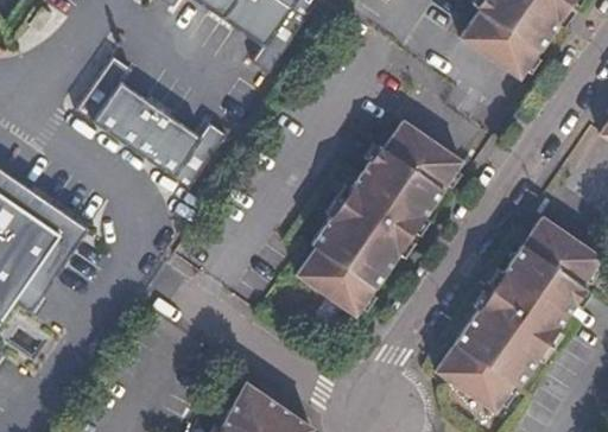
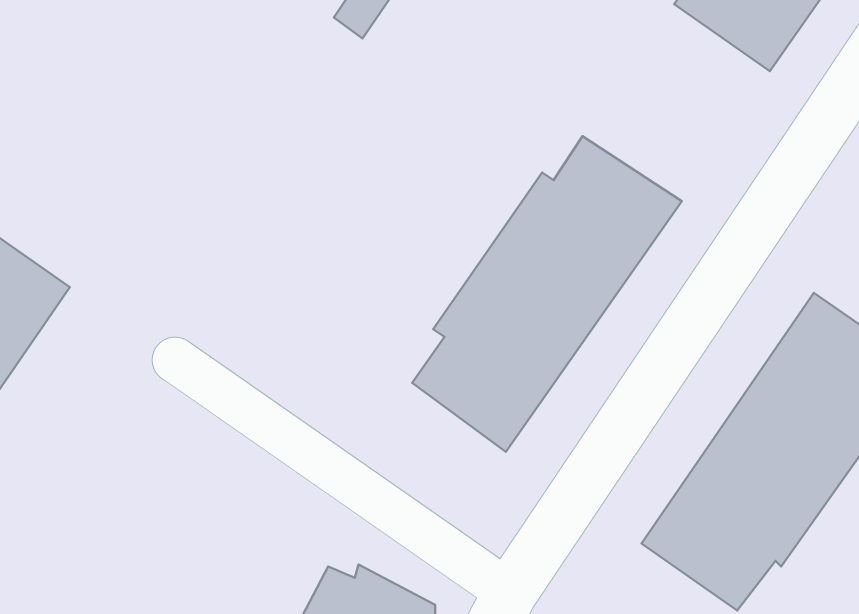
building: [69,47,220,180] -> none

